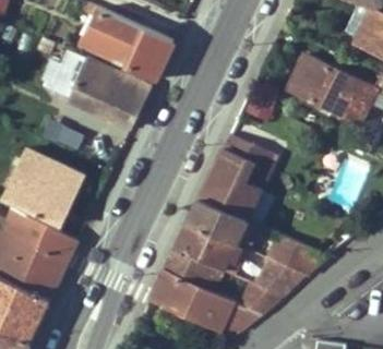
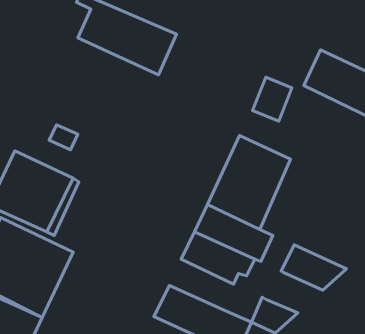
building: [67,60,151,130] -> none
building: [166,248,225,293] -> none
building: [255,260,307,297] -> none

